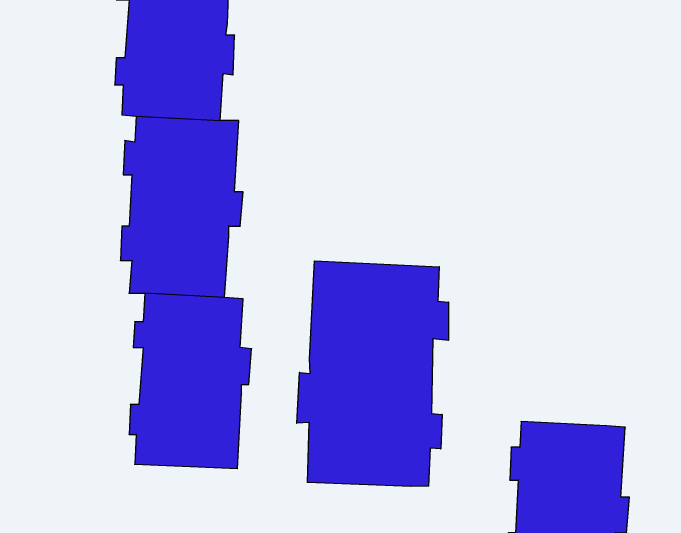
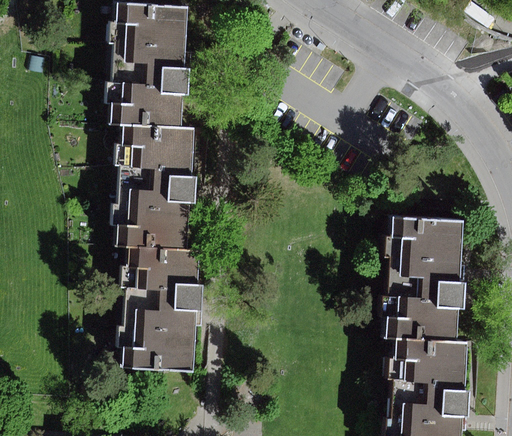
building: none -> [379,217,463,342]
building: [297,261,449,486] -> none

